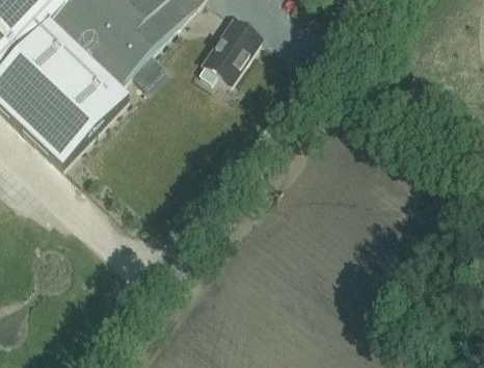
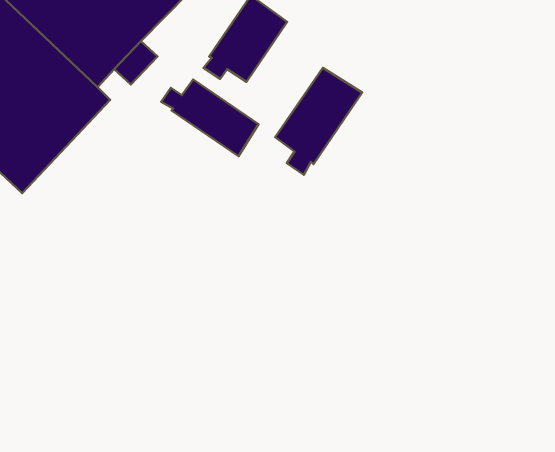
building: none -> [275,68,362,175]
building: none -> [161,79,258,156]

